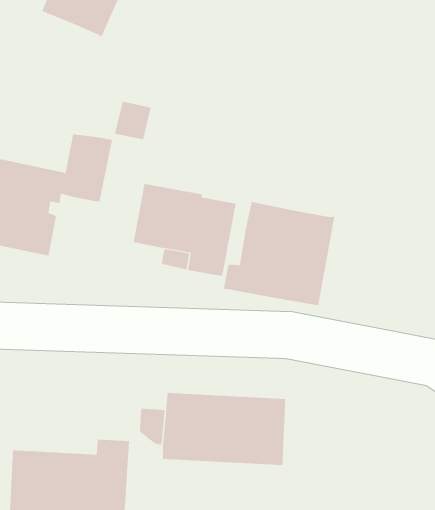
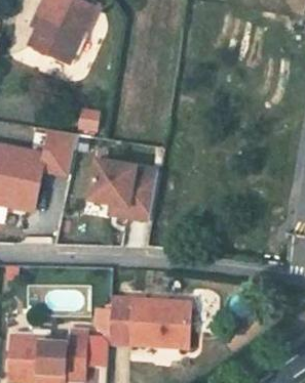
building: [223,201,335,306] -> none

